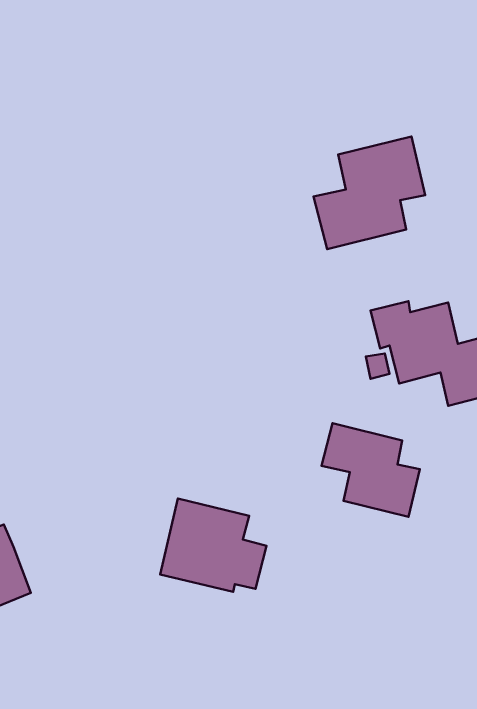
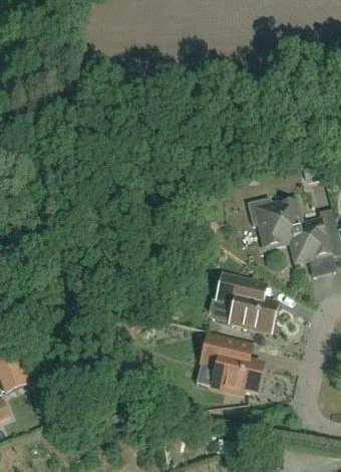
building: [314,137,425,249] -> none
building: [160,498,267,592] -> [197,334,264,394]

